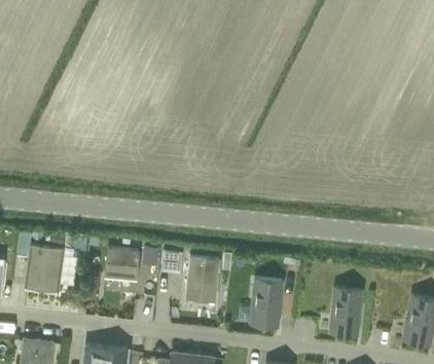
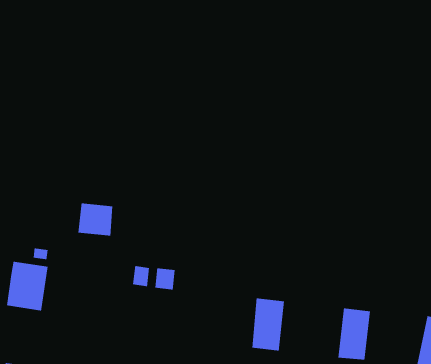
building: [105,249,138,280] -> [78,203,113,236]
building: [185,257,219,301] -> none

